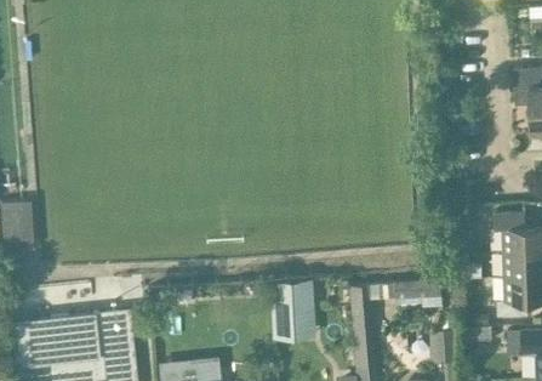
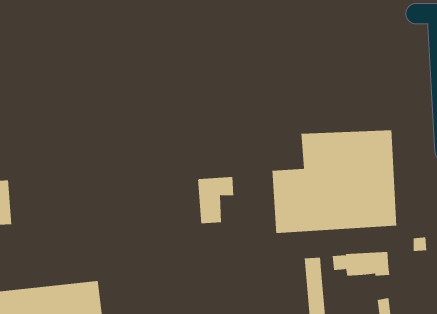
building: none -> [272,130,397,234]
building: [273,286,313,337] -> [197,177,234,224]

